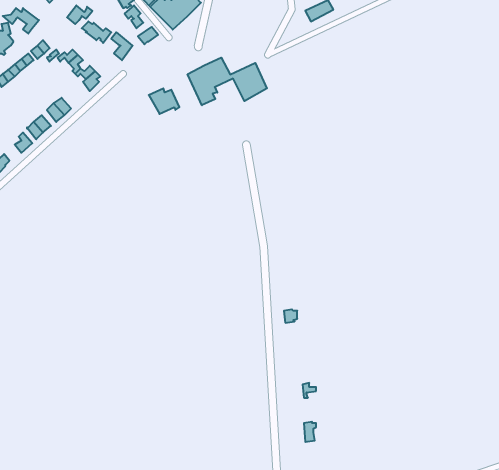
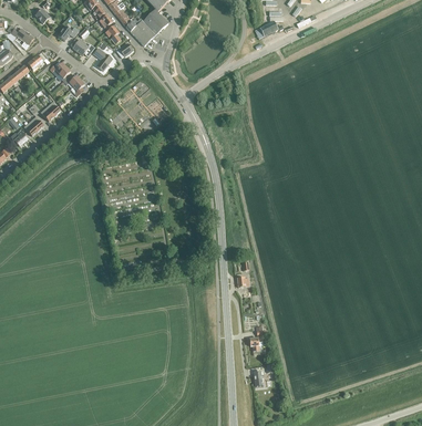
building: [188,58,267,105] -> none

